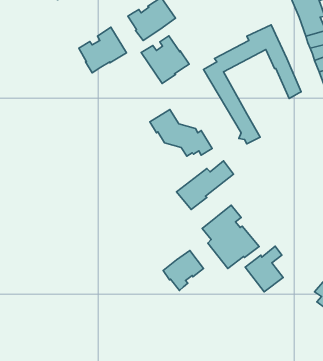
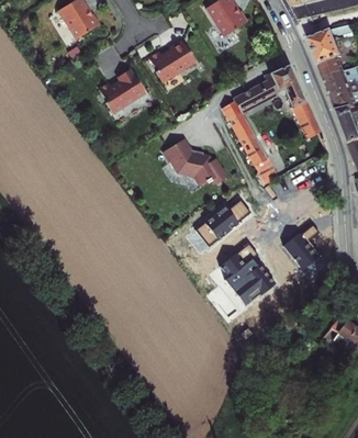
building: [141,36,189,84] -> none
building: [245,246,283,292] -> [283,224,321,269]
building: [163,250,204,290] -> none

